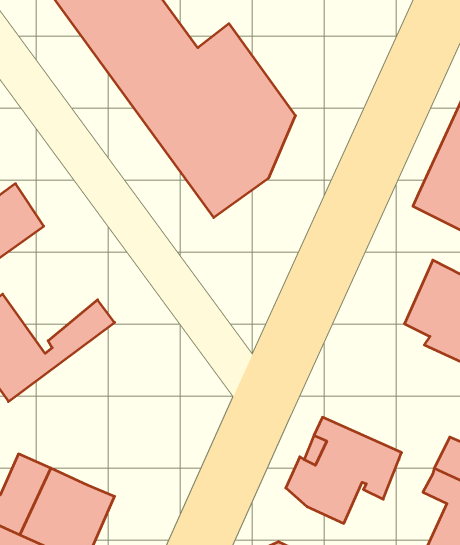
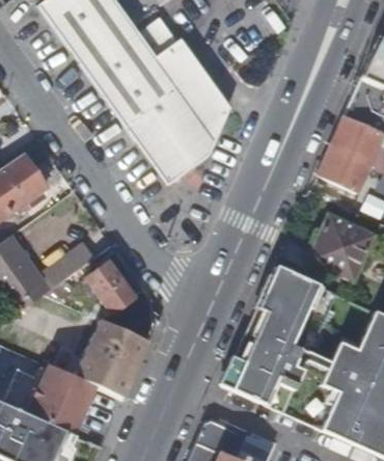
building: none -> [87,262,134,313]
building: none -> [250,266,318,353]
building: none -> [78,320,152,398]

